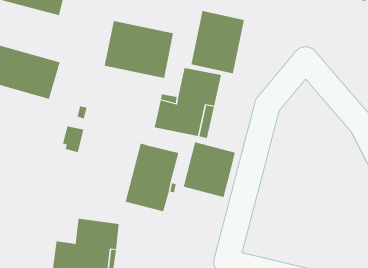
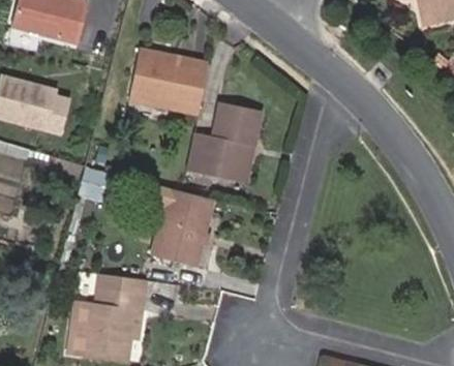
building: [191,10,245,74] -> none
building: [183,141,235,198] -> none

